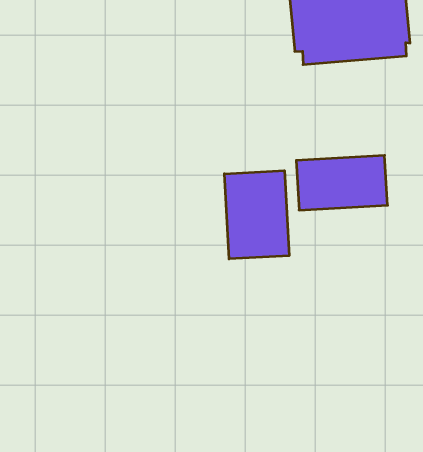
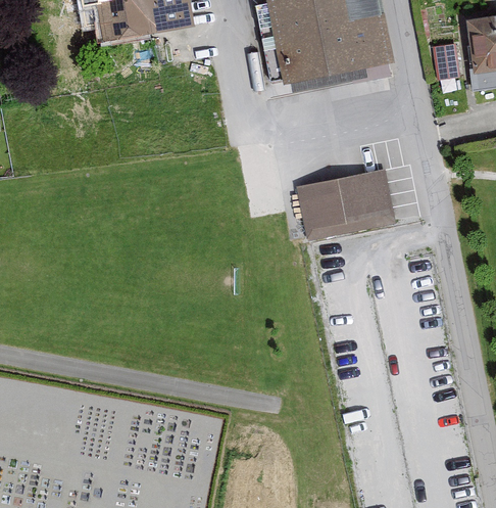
building: [224,171,289,259] -> none

